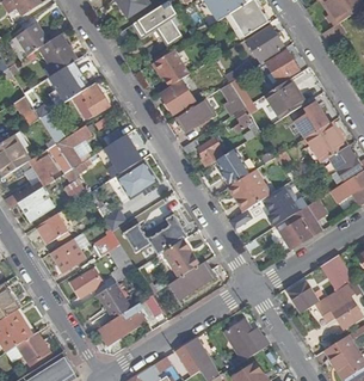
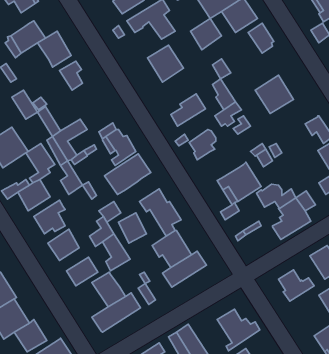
building: [266,51,298,82] -> none
building: [161,82,193,115] -> [190,18,222,50]
building: [72,84,110,119] -> none
building: [295,102,329,139] -> none
building: [218,149,249,186] -> none

